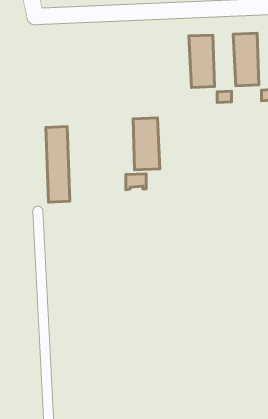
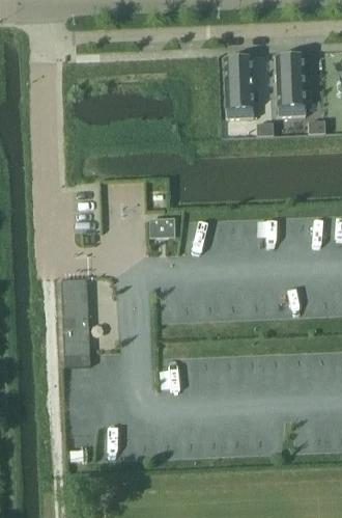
building: [133,118,160,170] -> none
building: [46,127,70,202] -> [62,277,90,365]

